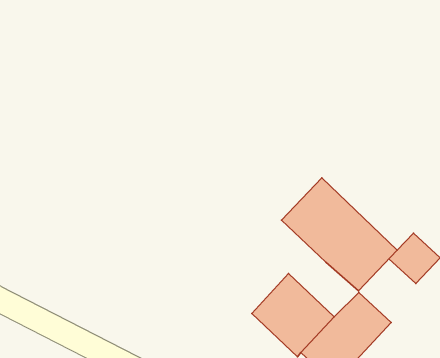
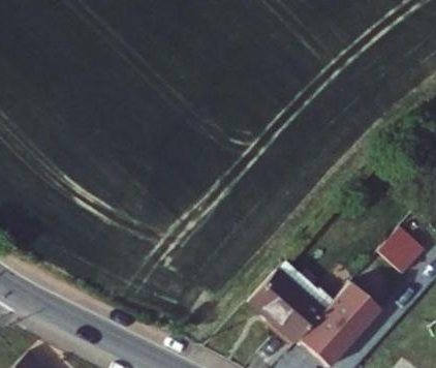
building: [282,178,397,291] -> none

